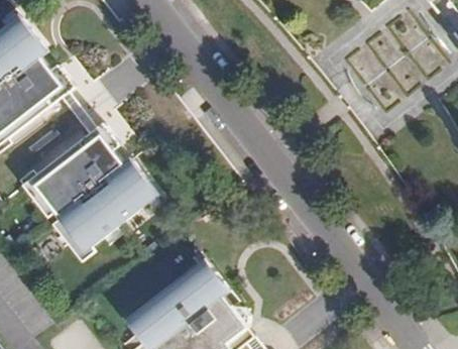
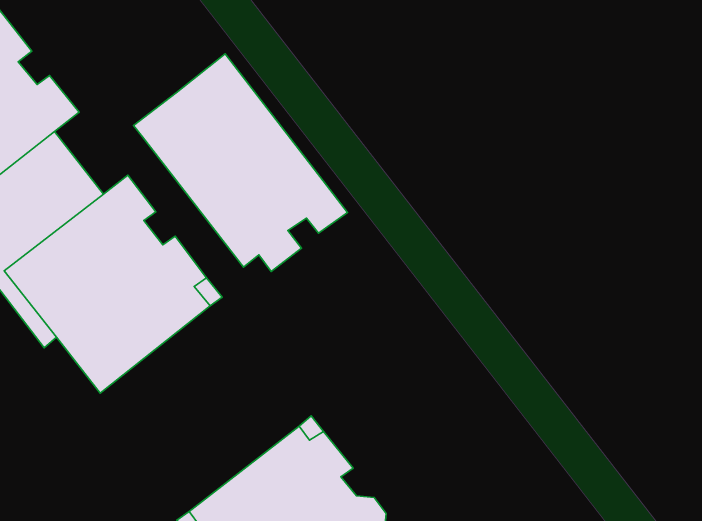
building: none -> [134,54,347,272]

